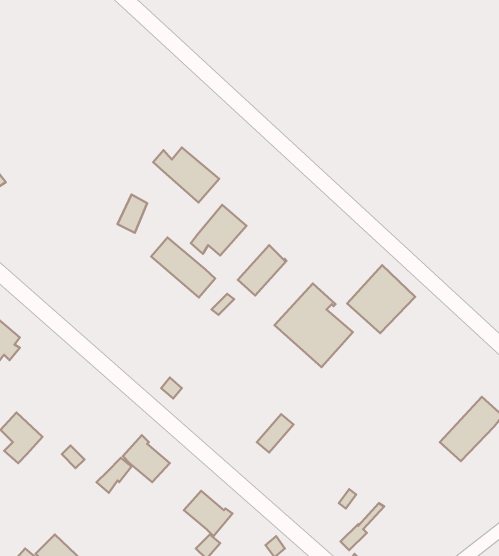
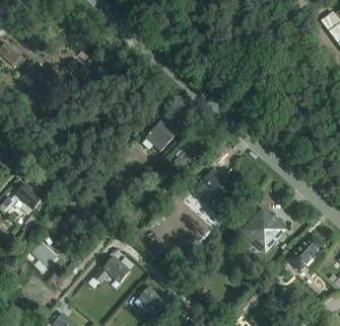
building: [153,148,219,203] -> none
building: [151,238,215,297] -> none
building: [347,265,415,333] -> [243,212,282,251]

